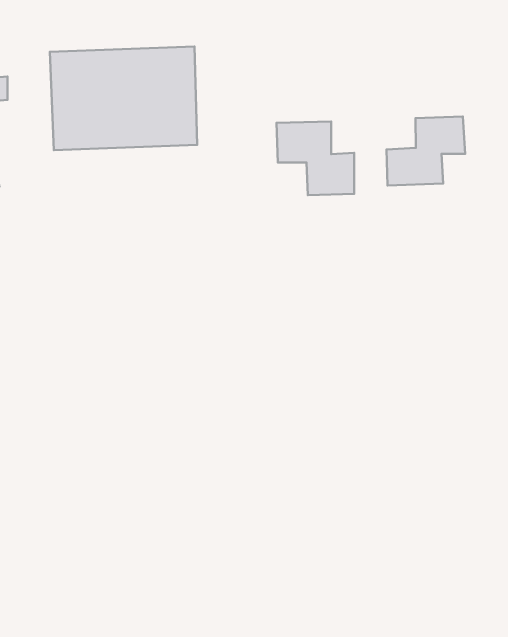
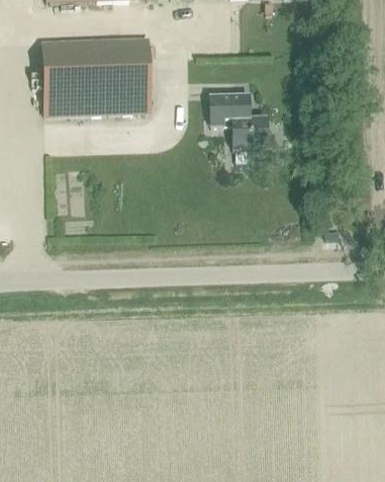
building: [386,117,465,186] -> none

